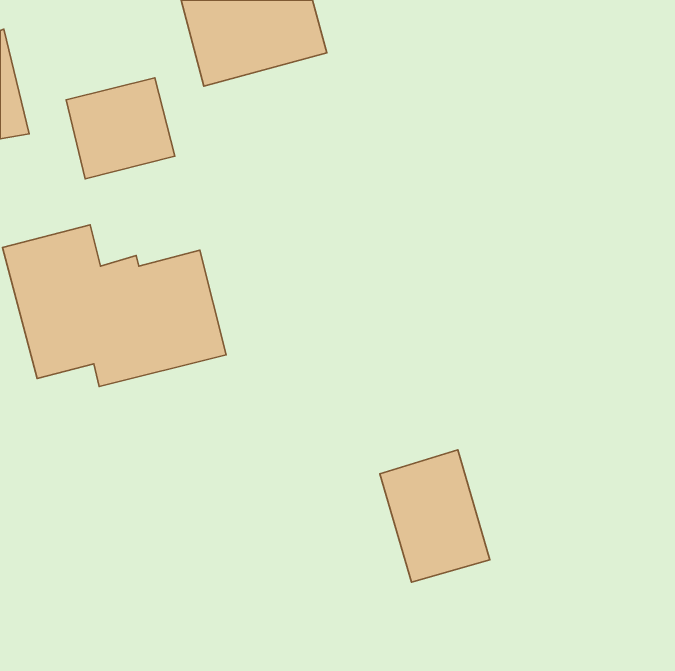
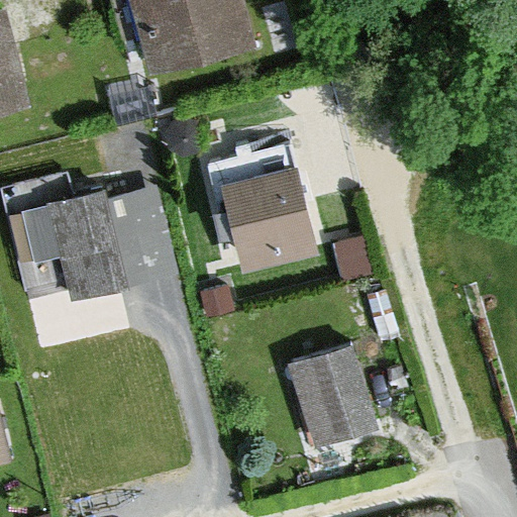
building: [66,78,175,179] -> none
building: none -> [215,157,308,252]

